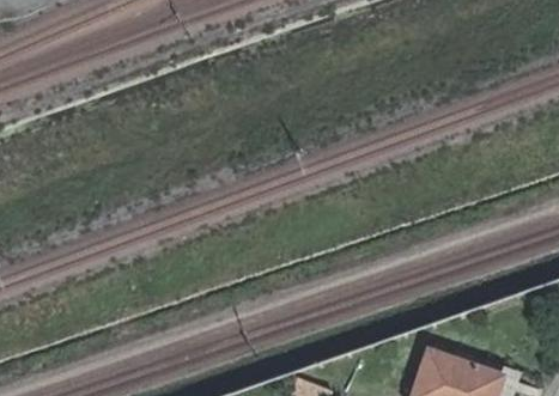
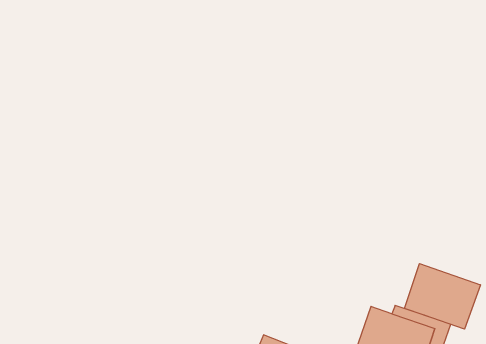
building: none -> [404,264,480,329]

